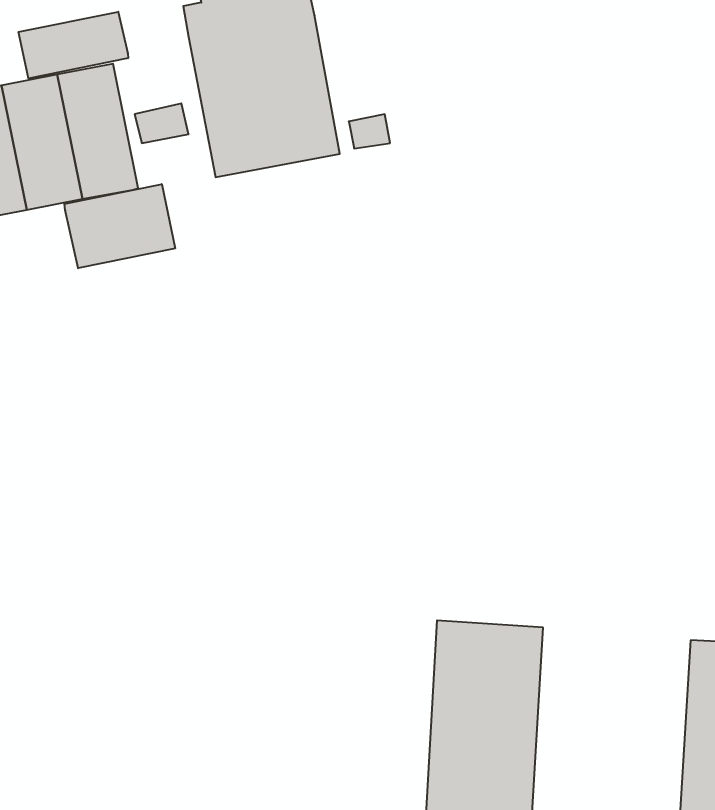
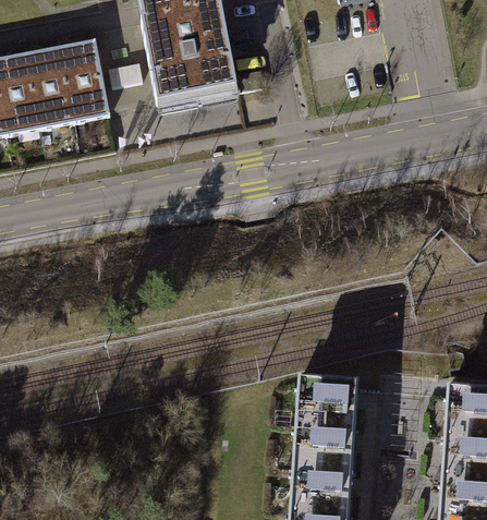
building: [19,12,128,78] -> none
building: [65,184,175,268] -> none

